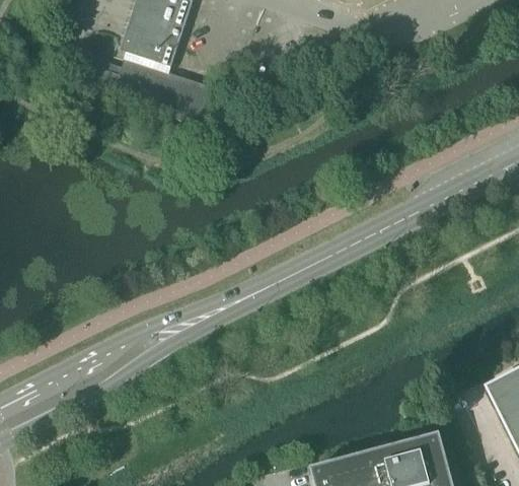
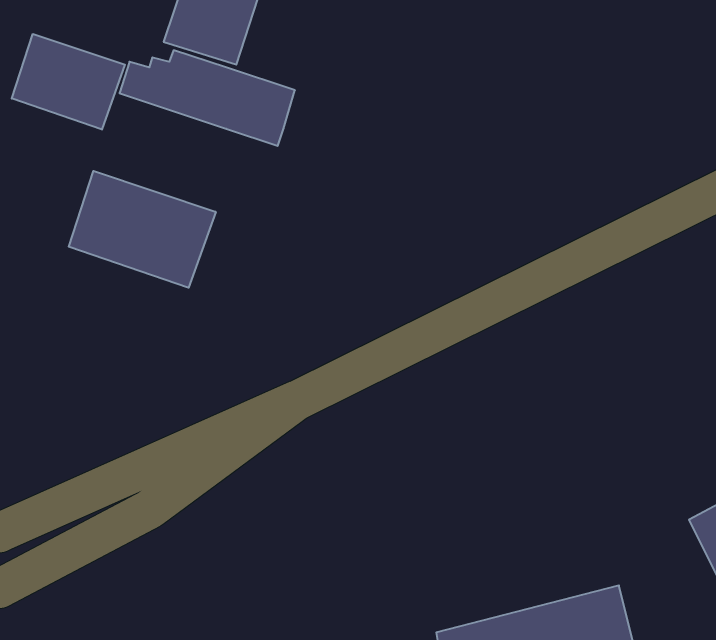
building: none -> [12,34,125,130]
building: none -> [69,171,216,288]

